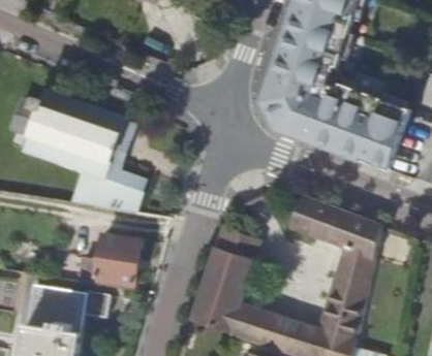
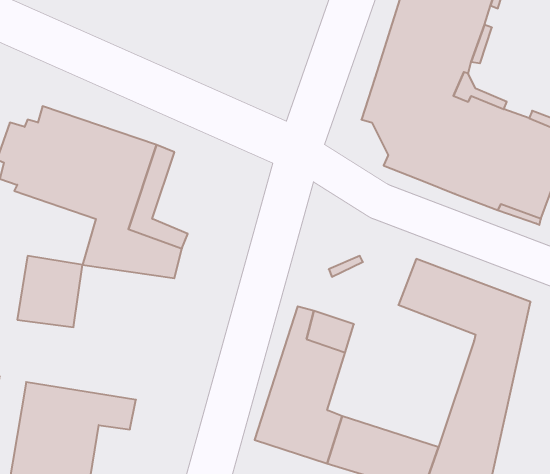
building: [95,231,141,281] -> [17,256,82,327]

